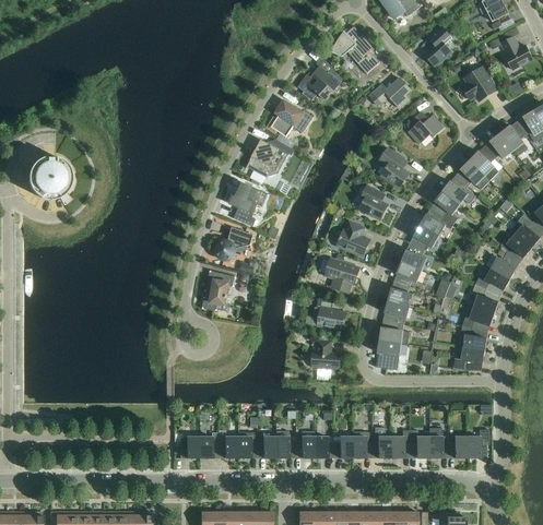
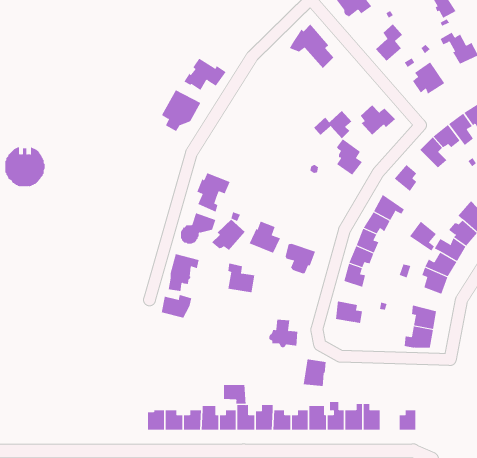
building: [296,64,339,100] -> none
building: [368,77,410,108] -> [313,110,352,139]
building: [267,102,312,136] -> [183,58,226,91]
building: [245,139,287,183] -> [161,90,201,132]
building: [455,159,488,189] -> none
building: [358,186,387,218] -> none
building: [429,190,459,223] -> [409,221,437,252]
building: [335,220,369,255] -> [249,221,281,254]
building: none -> [211,219,245,251]
building: [316,298,345,330] -> [227,263,255,293]
building: [381,299,409,324] -> none
building: [461,306,493,331] -> none
building: none -> [161,294,192,318]
building: [375,339,400,369] -> [303,359,326,387]
building: none -> [223,384,246,405]
building: [427,427,447,457] -> none
building: [465,429,487,457] -> none

